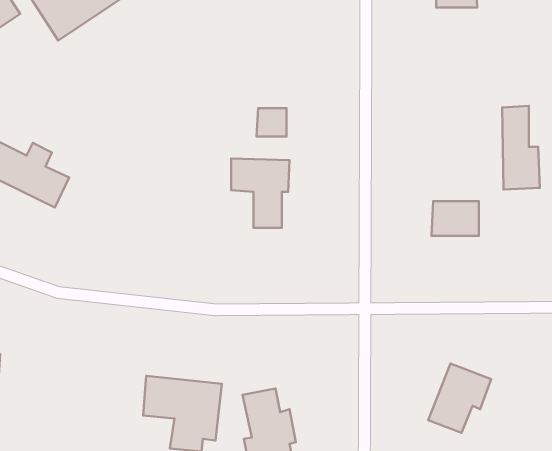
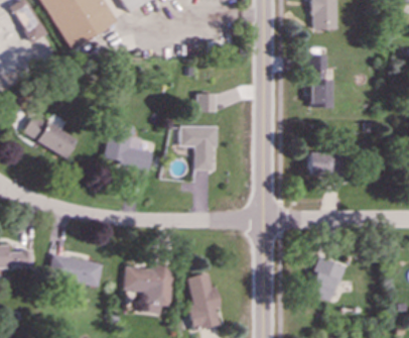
building: [502,106,540,189] -> [309,53,333,107]
building: none -> [105,121,152,170]
building: none -> [47,252,103,287]

